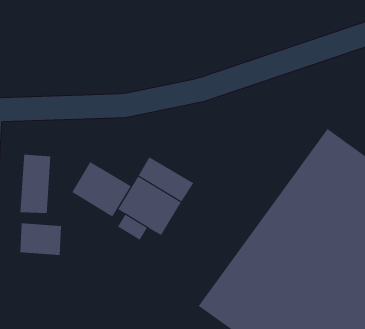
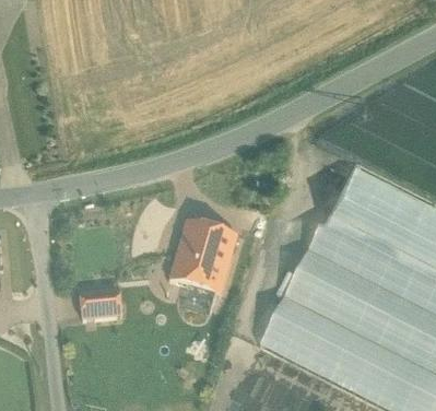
building: [20,154,51,214] -> none
building: [72,161,131,217] -> none

